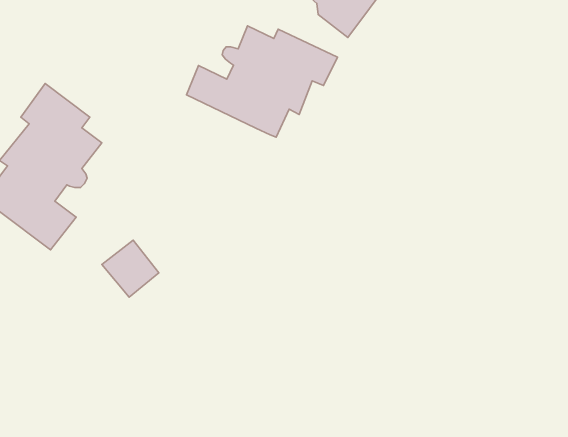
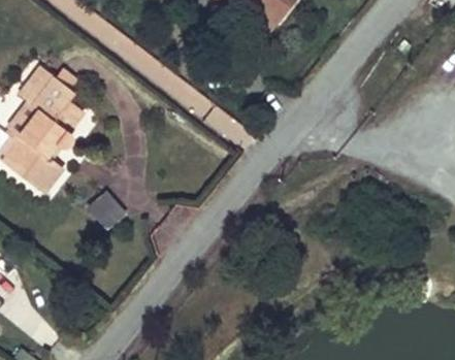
building: [186,26,337,137] -> none

